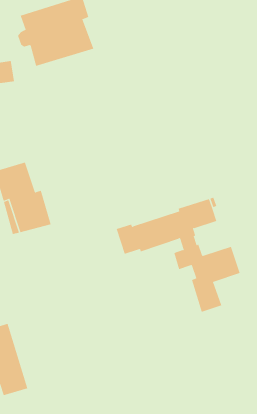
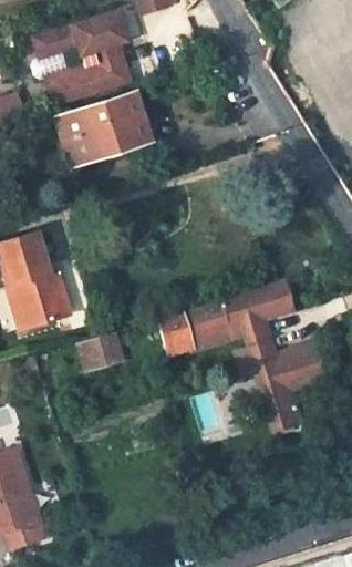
building: none -> [54,93,148,165]
building: none -> [76,332,125,374]

